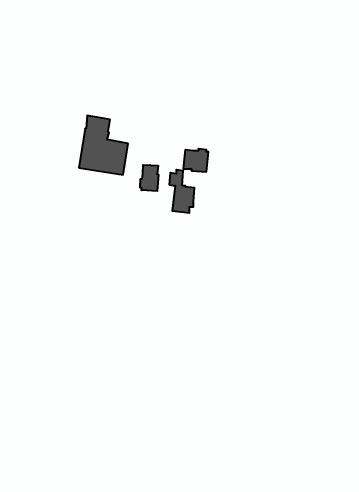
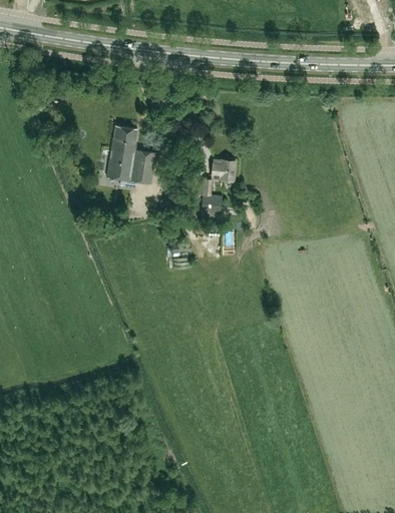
building: [140,165,159,191] -> none

